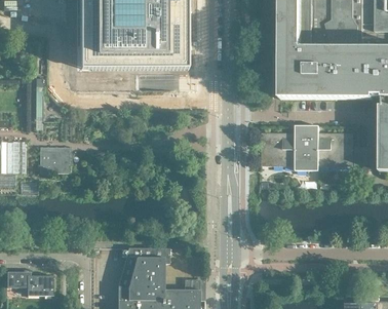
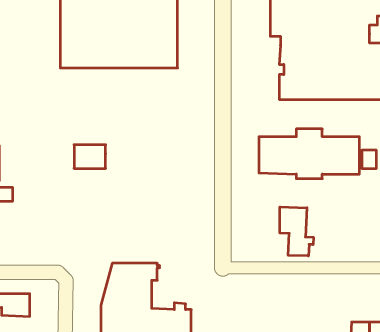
building: [39,150,68,171] -> [74,145,106,168]
building: none -> [280,207,313,256]

